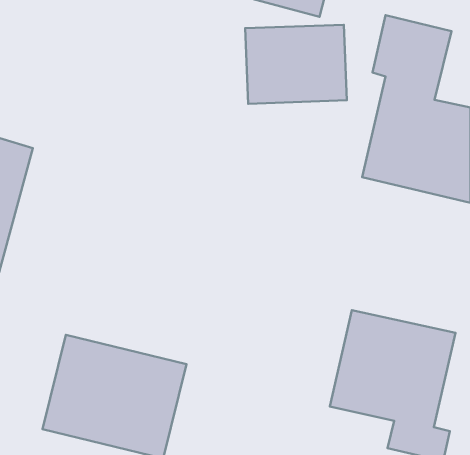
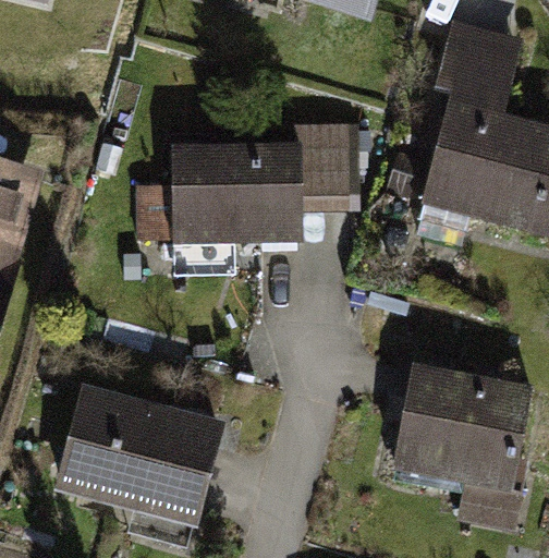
building: [245,25,347,104] -> none
building: none -> [171,122,353,246]

